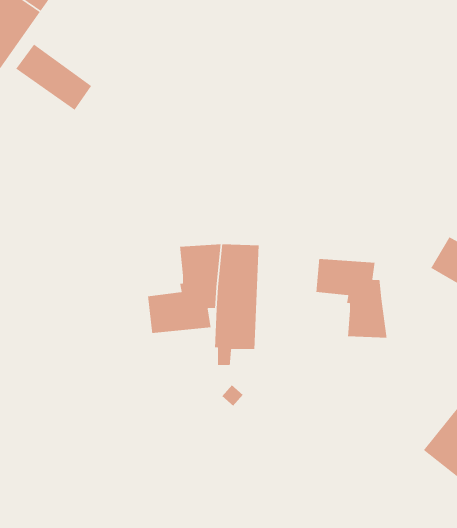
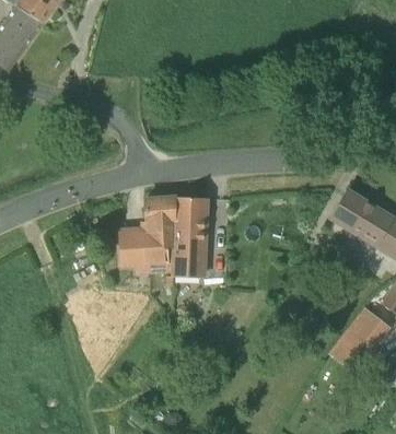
building: [15,43,92,111] -> none
building: [316,258,387,339] -> none

